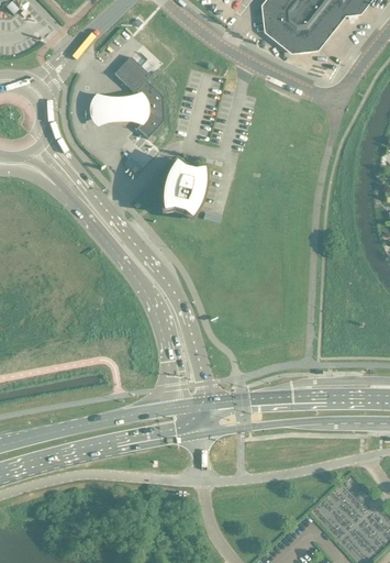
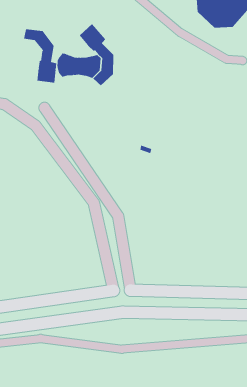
building: none -> [24,28,57,84]
building: [166,165,201,216] -> none

